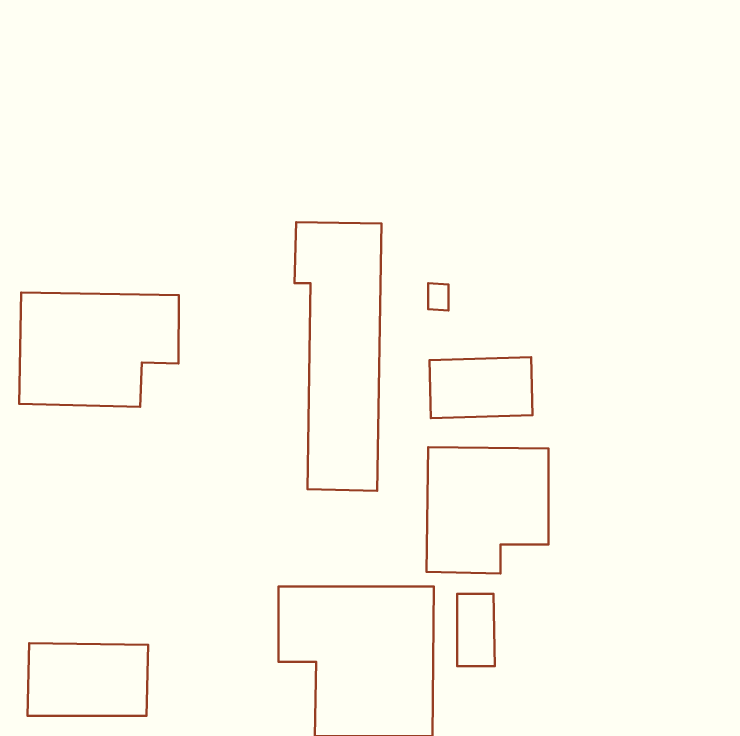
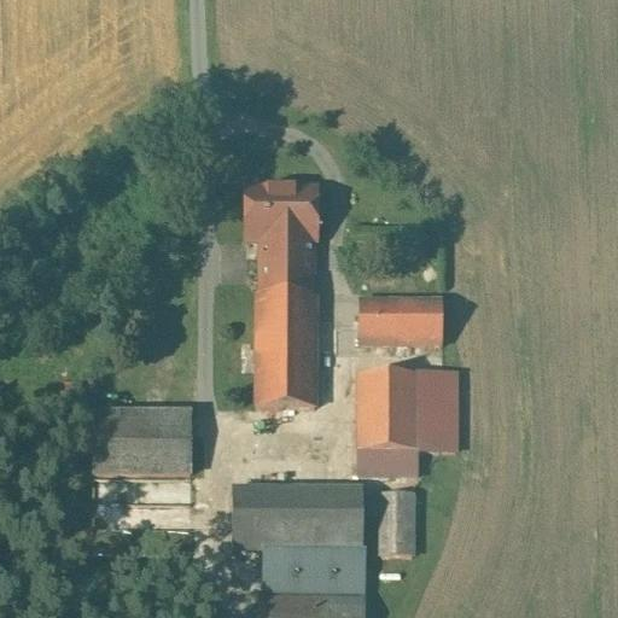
building: [19,292,179,407] -> none
building: [28,643,148,716] -> [93,410,193,471]

